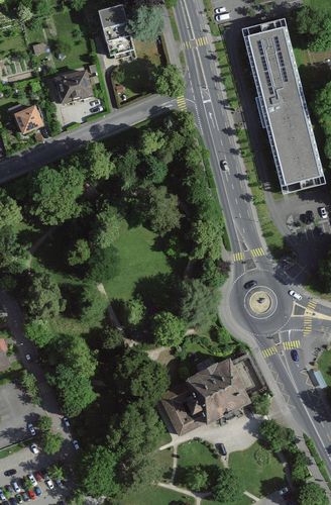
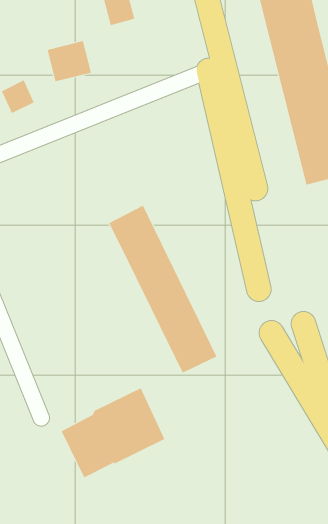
building: none -> [108,205,217,374]
building: [159,358,251,437] -> [61,387,165,478]

